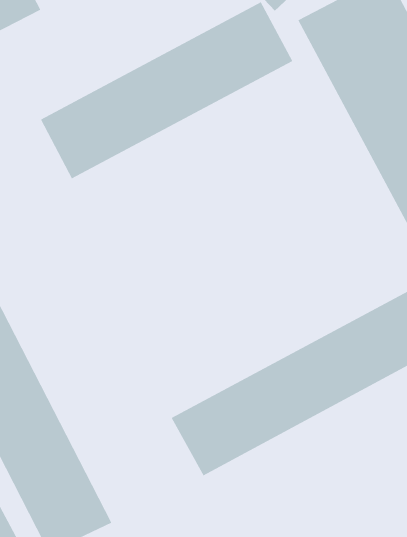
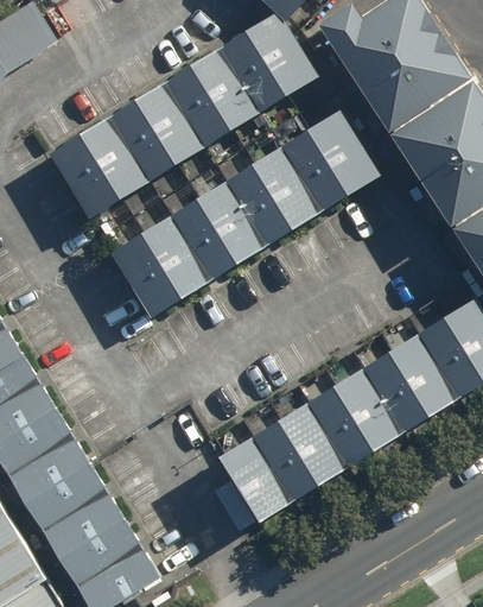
building: none -> [110,112,375,318]

